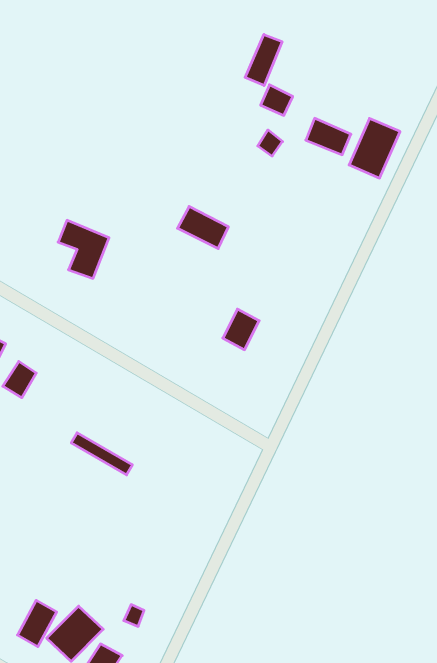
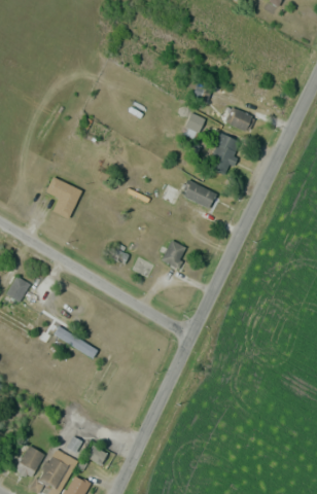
building: [245,34,282,86] -> none
building: [349,118,400,178] -> [206,133,242,175]
building: [177,206,228,249] -> [180,180,216,210]

